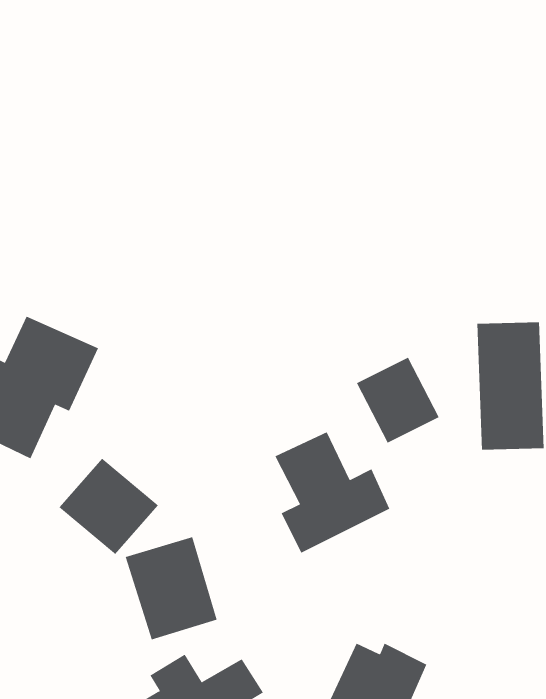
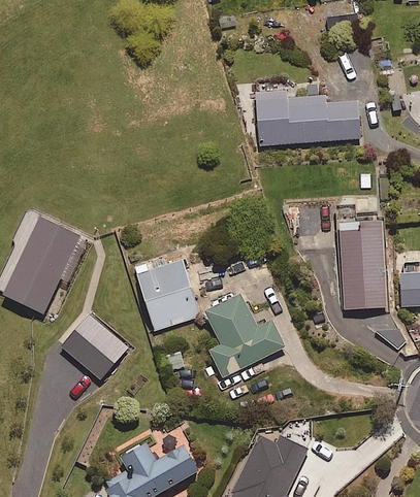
building: none -> [256,88,359,144]
building: [356,357,440,443] -> none
building: [125,537,218,640] -> [136,260,198,329]

